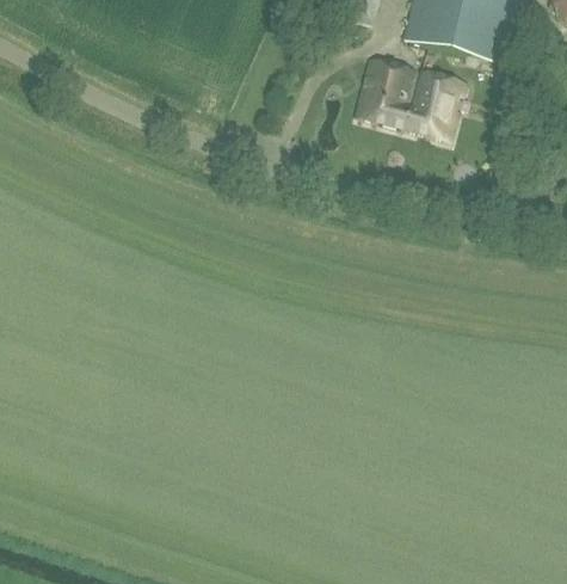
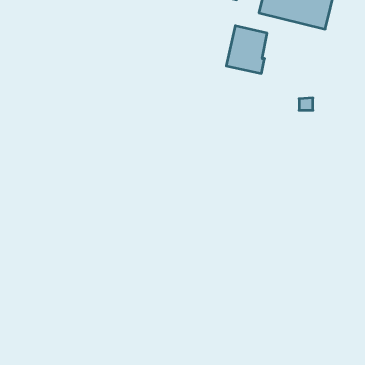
building: [407,67,463,135] -> none

